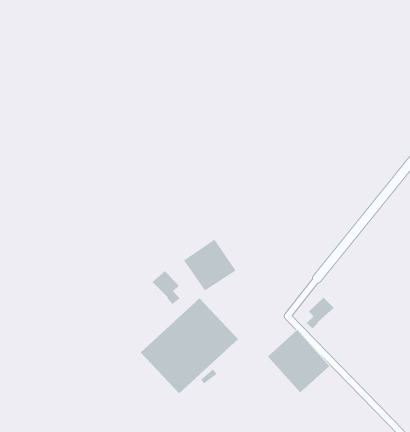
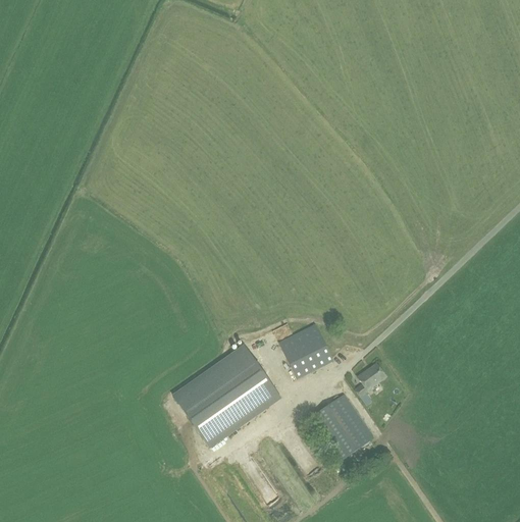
building: [183,239,236,291] -> [278,322,333,376]
building: [152,270,180,305] -> none

